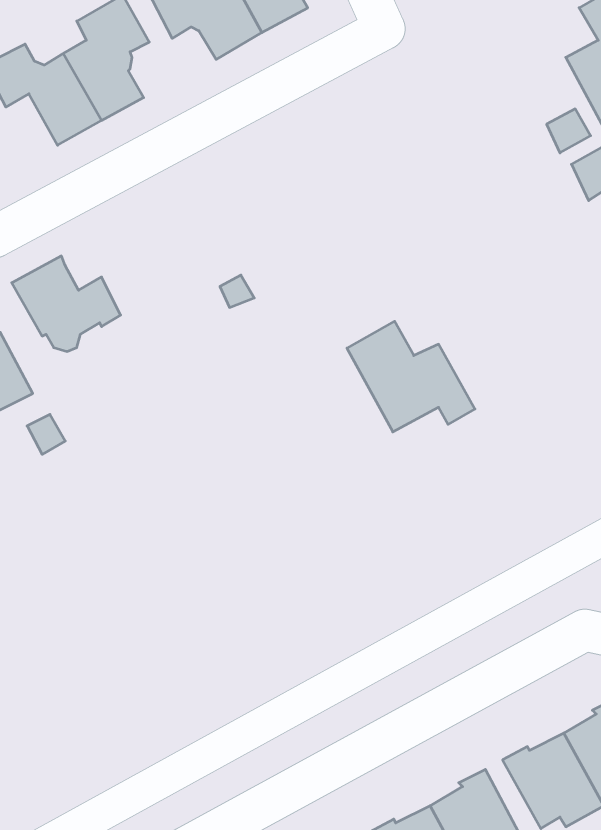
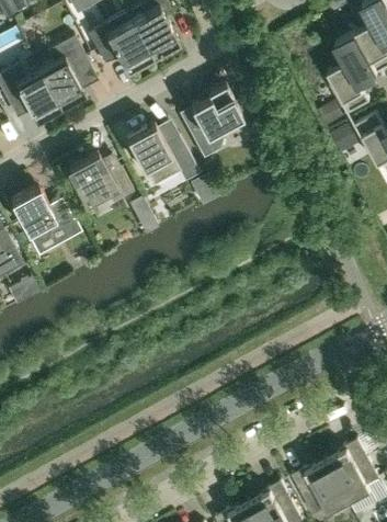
building: none -> [187,84,242,159]
building: none -> [69,155,134,206]
building: [347,321,475,432] -> [126,123,200,186]

